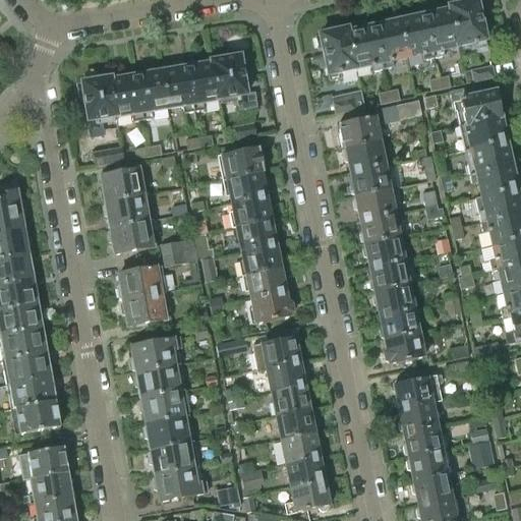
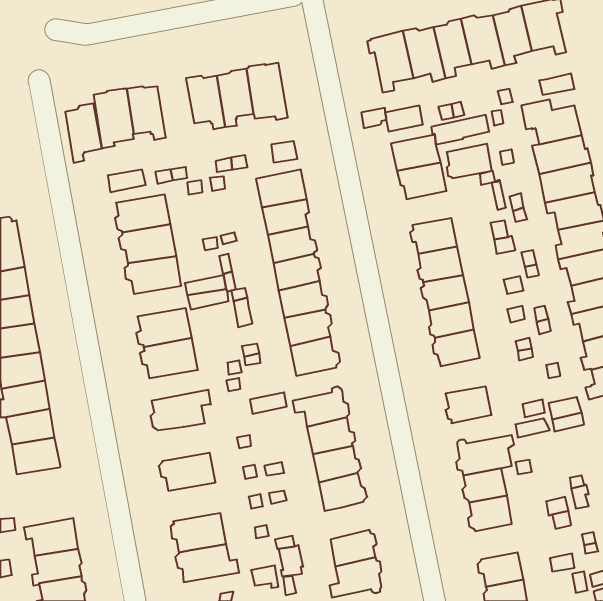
building: [137,67,169,118] -> [65,103,102,163]
building: [351,164,390,193] -> [447,144,492,178]
building: [380,307,419,338] -> none
building: [134,363,182,396] -> none
building: [16,399,61,433] -> none
building: [143,414,197,448] -> none
building: [281,430,321,463] -> none
building: [407,450,447,480] -> none

